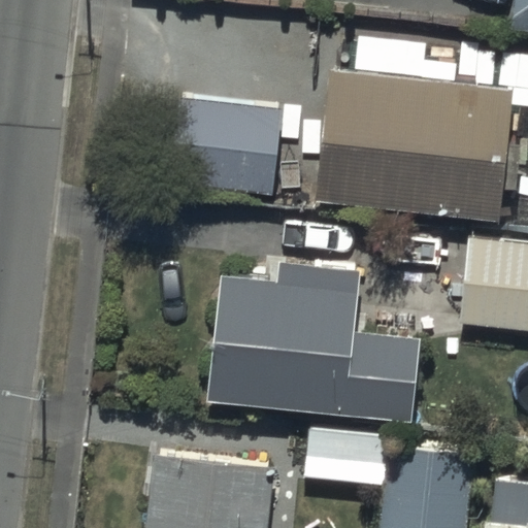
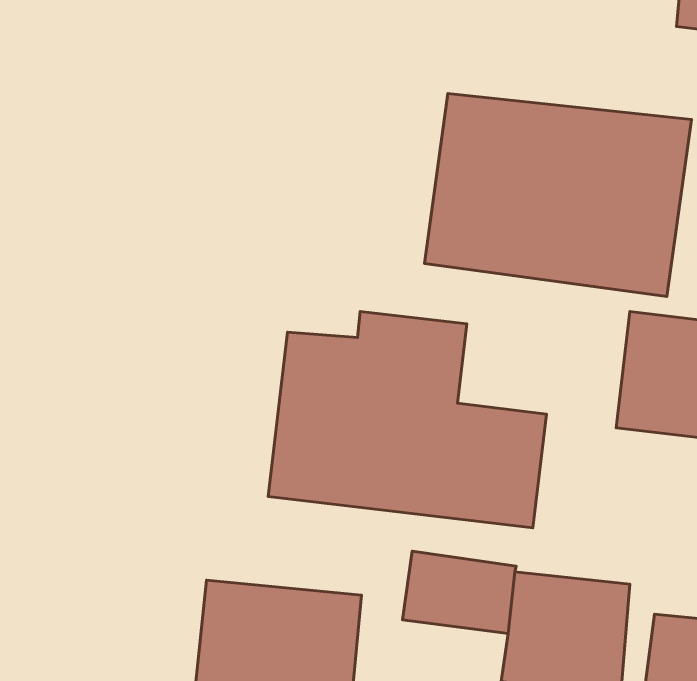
building: [175,98,286,195] -> none

